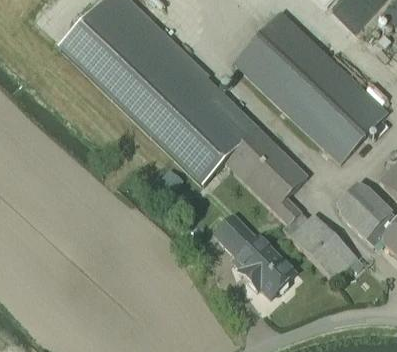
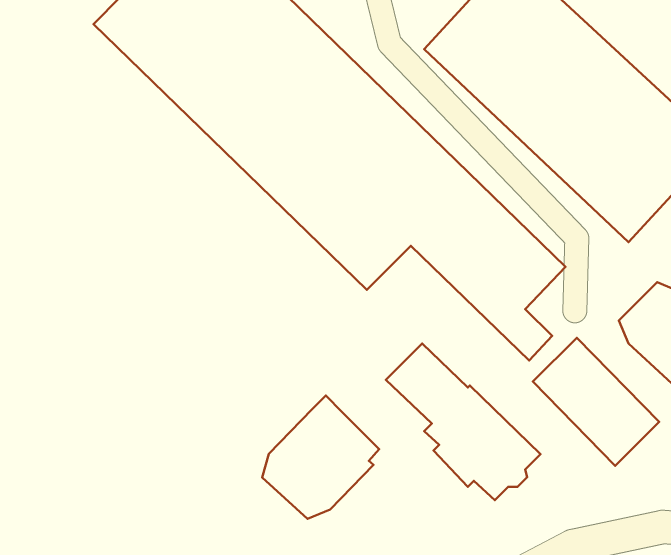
building: none -> [262,396,379,519]

